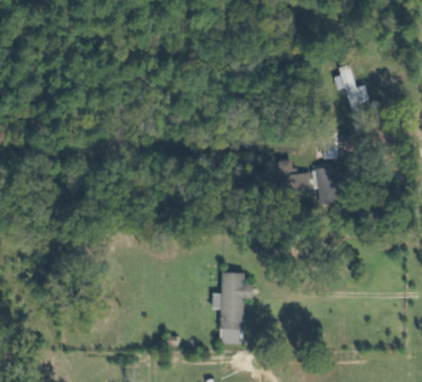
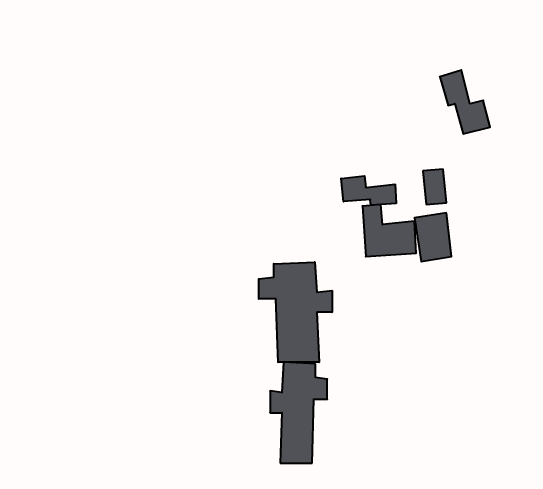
building: none -> [341,176,396,205]
building: none -> [259,262,332,362]

